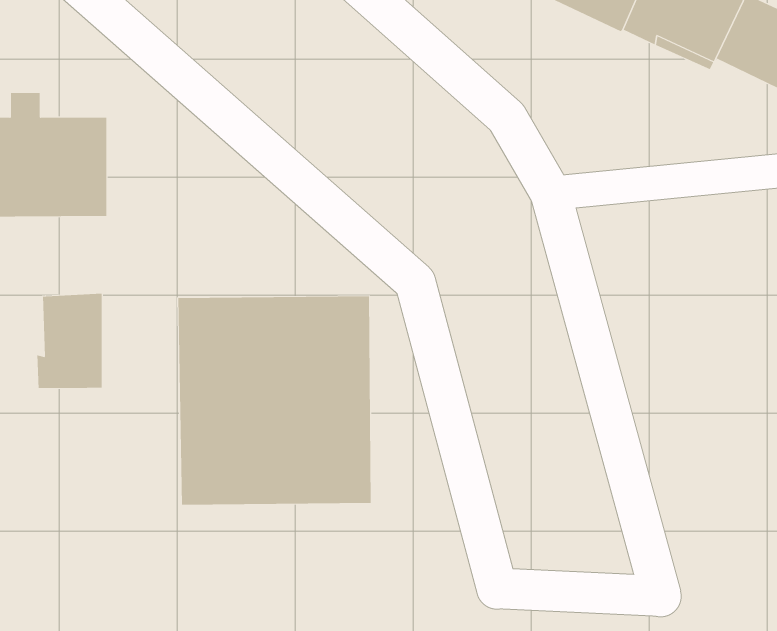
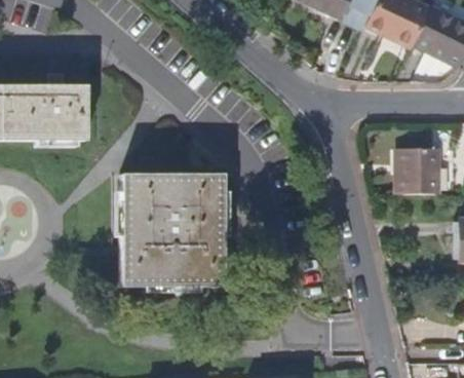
building: none -> [405,149,440,195]
building: [37,293,102,389] -> none

